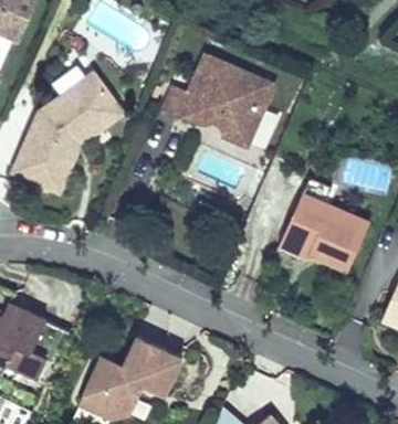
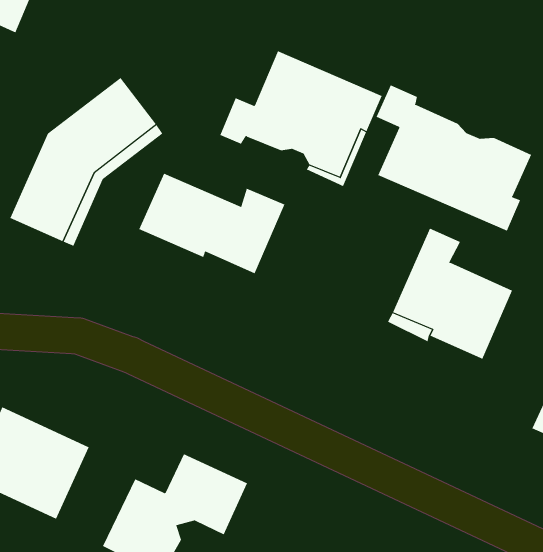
building: none -> [376,85,532,232]
building: none -> [138,173,285,274]

